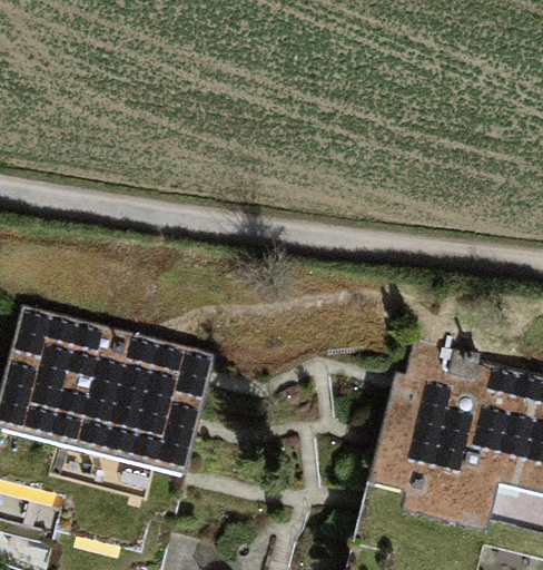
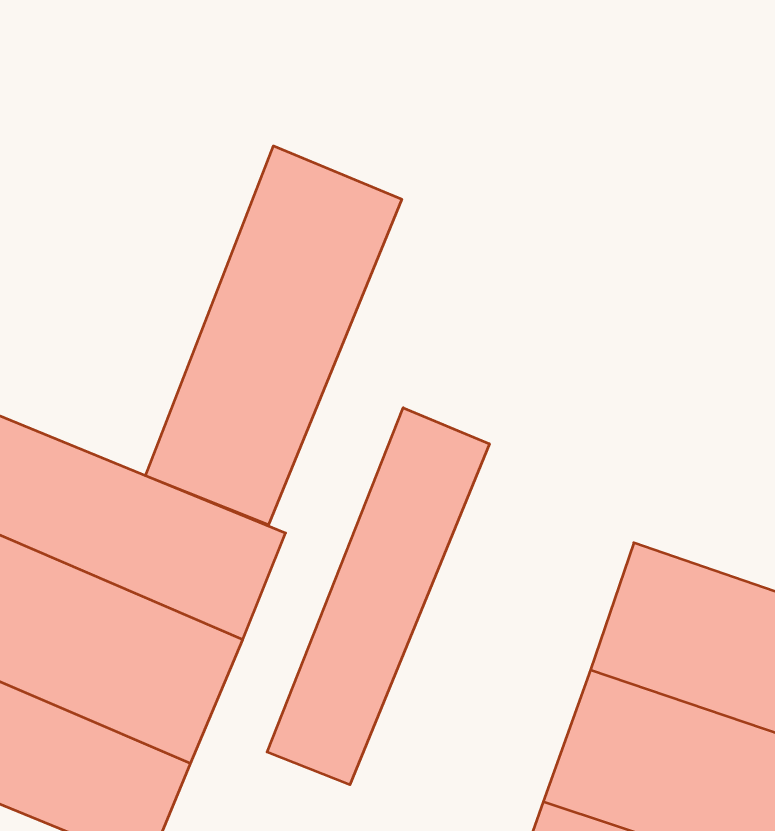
building: none -> [145,146,402,525]
building: none -> [267,408,489,785]

